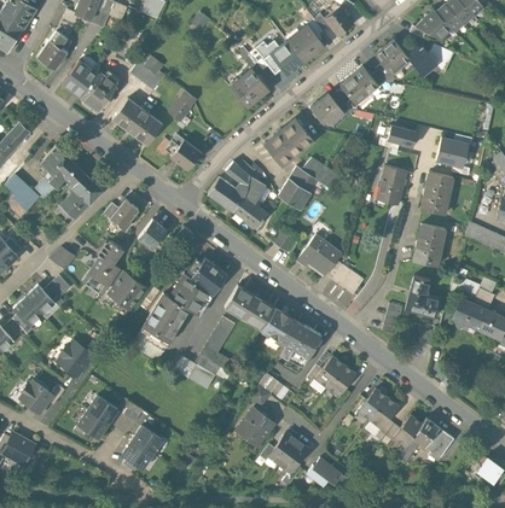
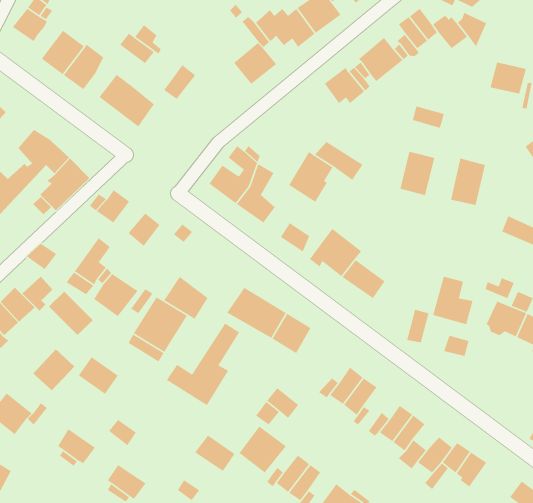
building: [263,117,315,168] -> none
building: [164,133,201,170] -> none
building: [435,138,468,167] -> [490,62,527,95]
building: [413,224,445,265] -> none
building: [186,257,228,297] -> none
building: none -> [48,291,94,336]
building: [277,321,323,372] -> none
building: [85,392,121,426] -> [78,356,119,395]
building: [128,425,164,457] -> [194,435,235,472]

